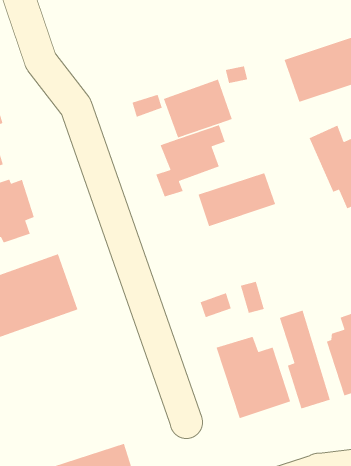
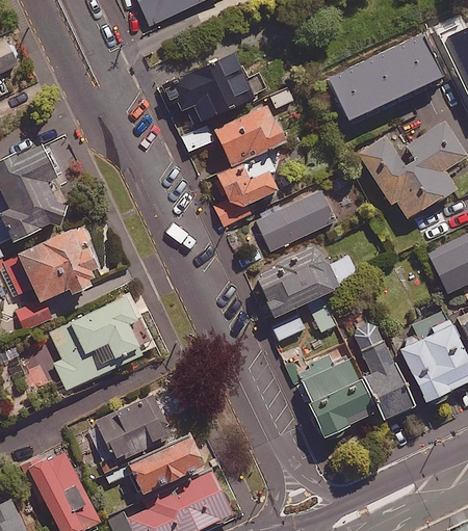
building: none -> [151,52,267,125]
building: none -> [248,244,358,319]
building: none -> [93,399,173,462]
building: none -> [131,434,207,492]

